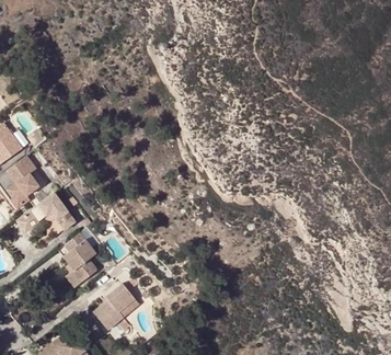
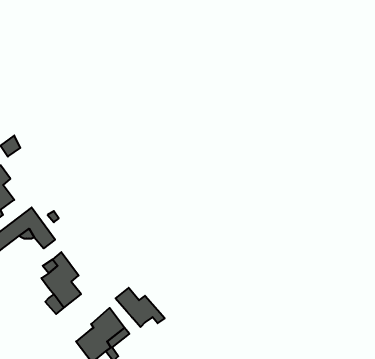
building: none -> [116,288,165,327]

